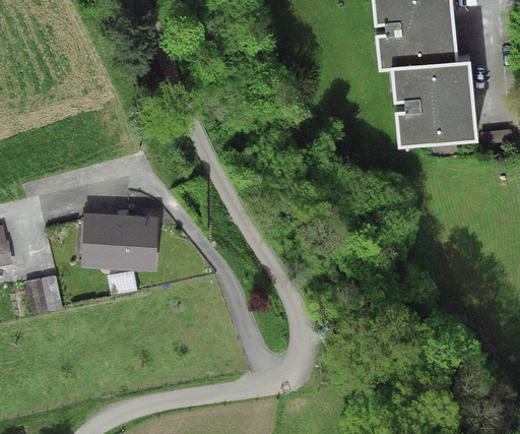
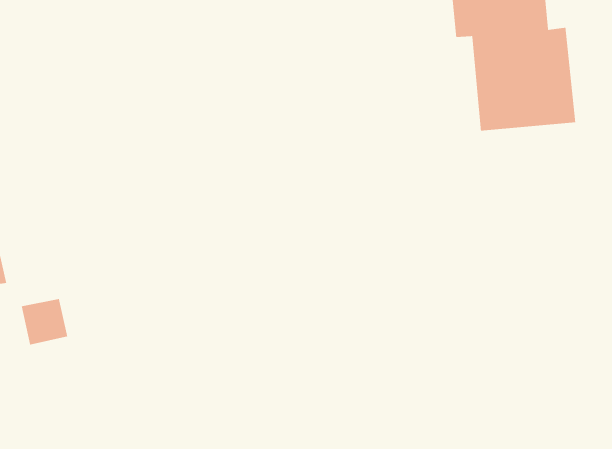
building: [80,214,158,273] -> none

